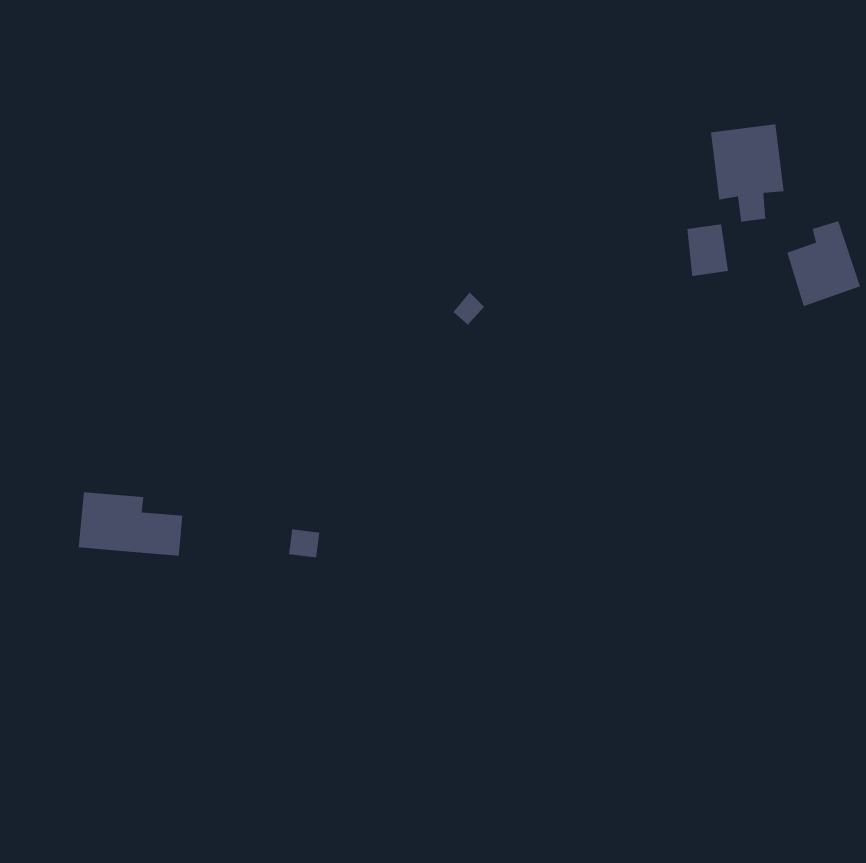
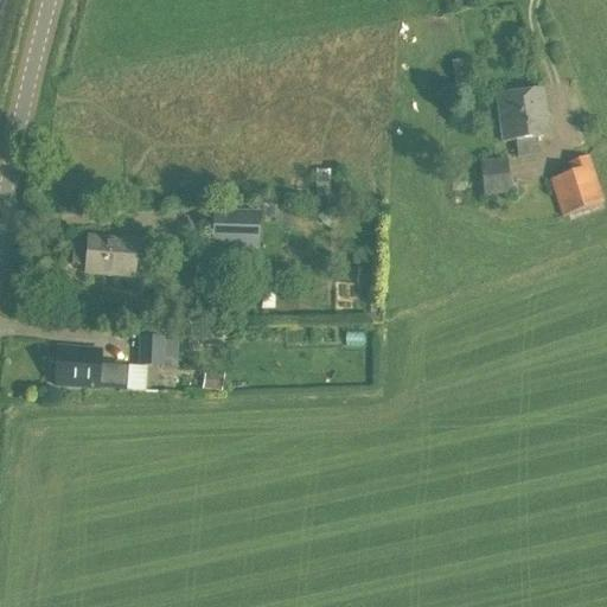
building: none -> [211,207,260,247]
building: none -> [71,236,136,274]
building: none -> [139,334,179,364]

